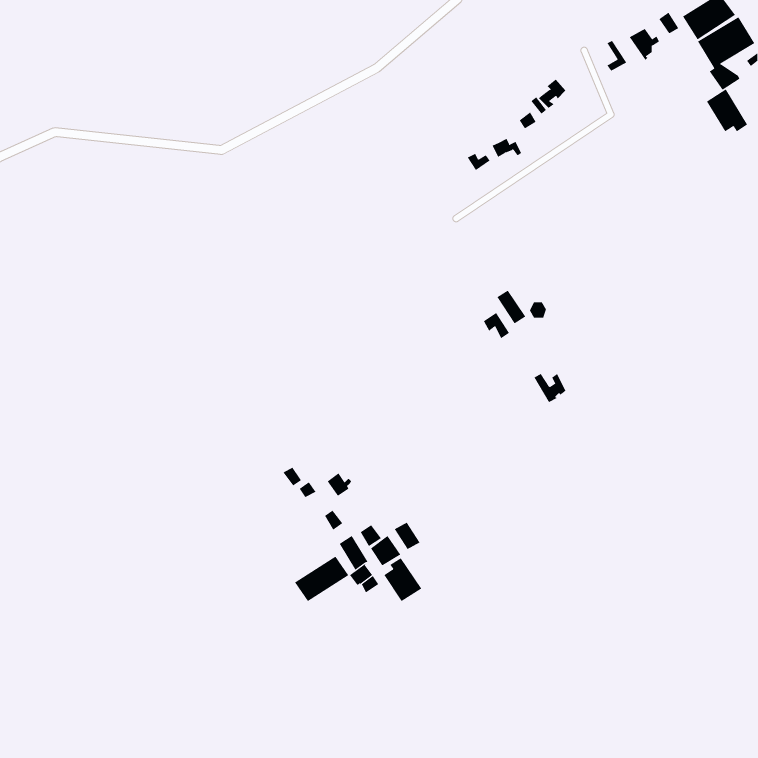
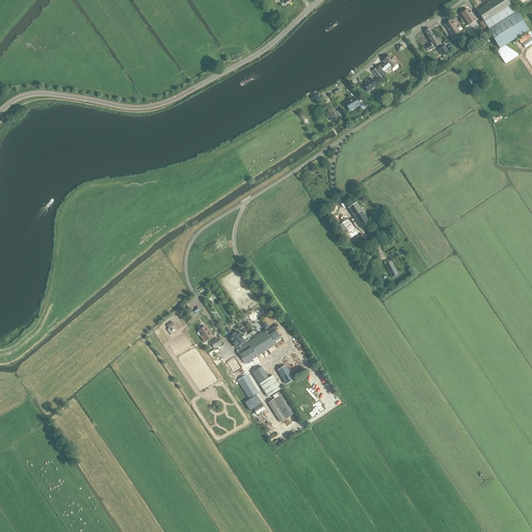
building: [706,89,748,132] -> none
building: [294,556,349,602] -> [236,330,274,363]

